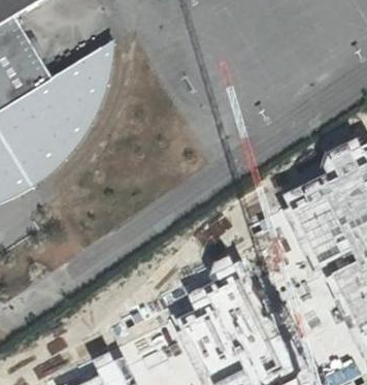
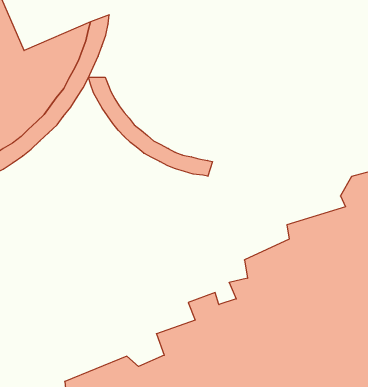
building: none -> [89,77,212,176]

